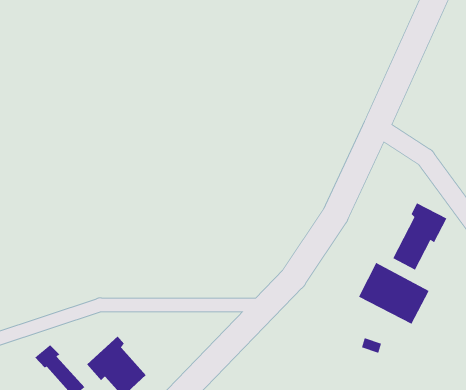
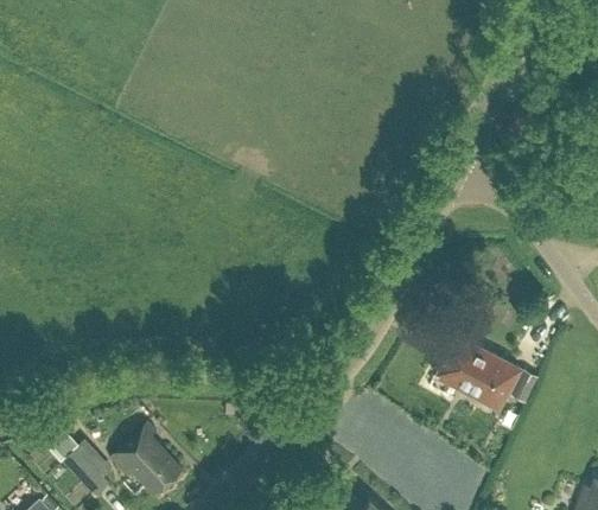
building: [393,202,447,270] -> none

